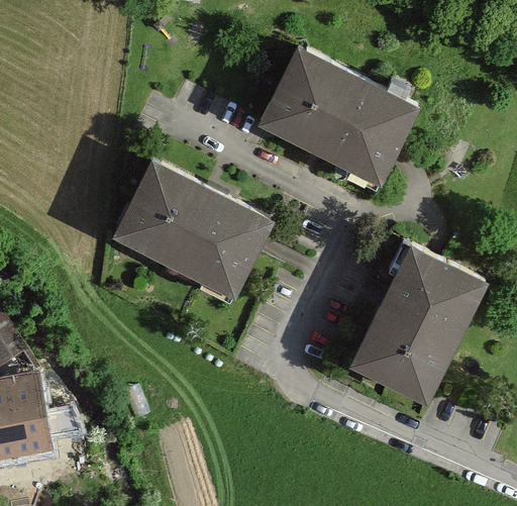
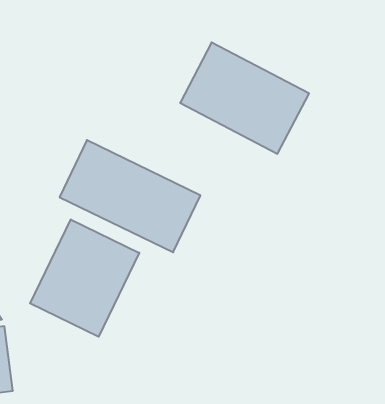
building: [349,245,482,391] -> none
building: none -> [30,219,139,337]

